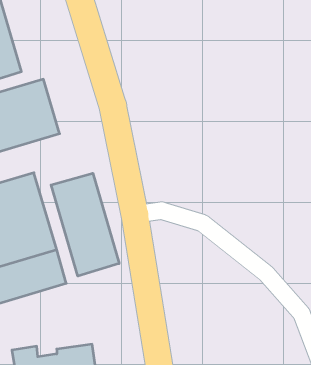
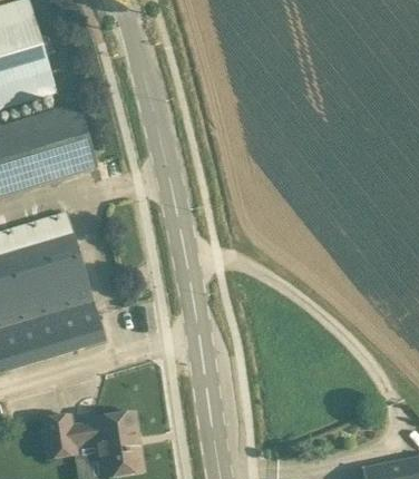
building: [51,173,119,276] -> none

